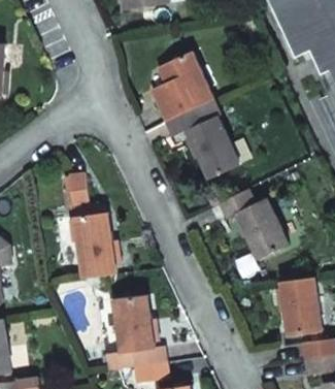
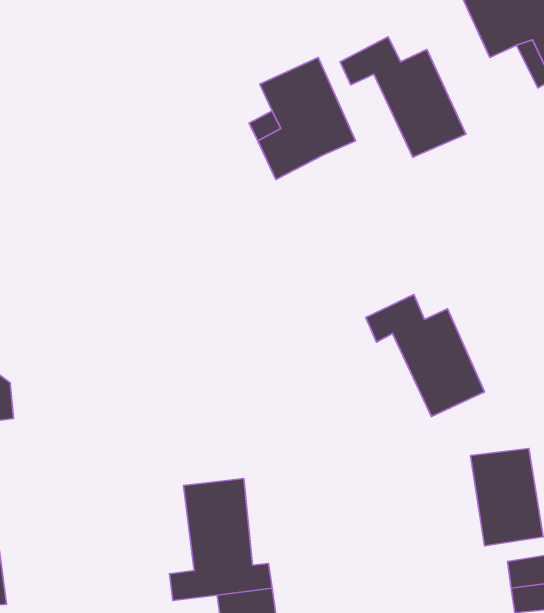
building: [166,108,239,179] -> [340,37,466,157]
building: [71,175,115,278] -> none

